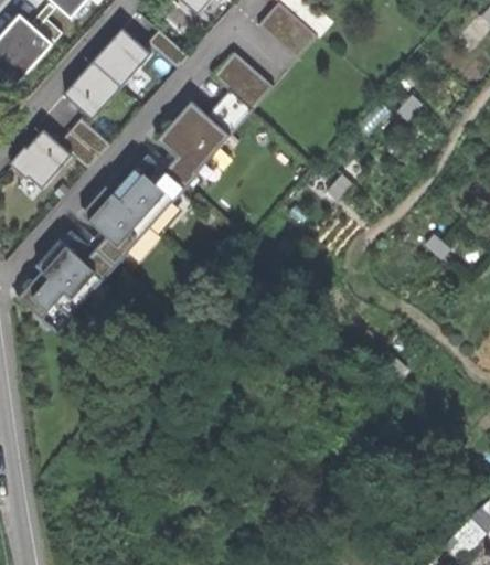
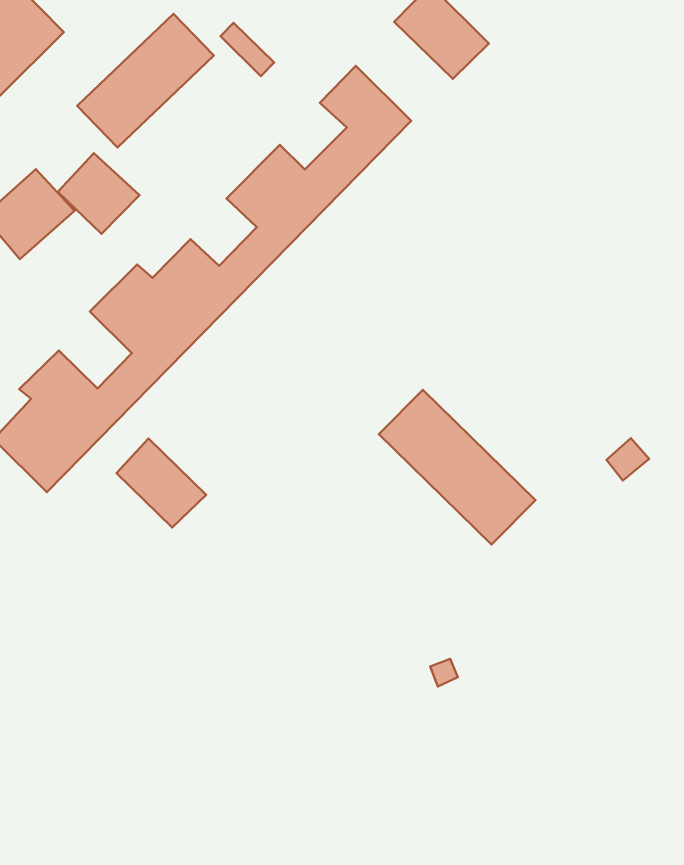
building: none -> [379,390,535,545]
building: none -> [117,439,206,528]

